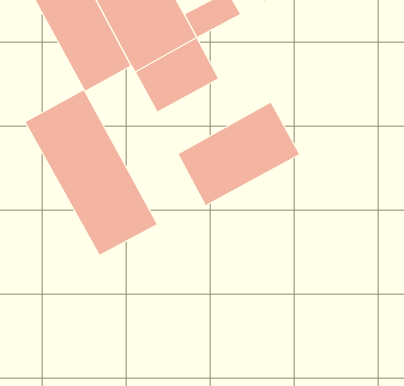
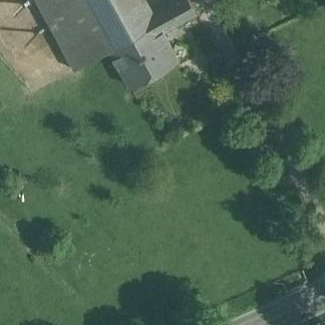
building: [25,89,158,256] -> none
building: [178,102,300,206] -> none

